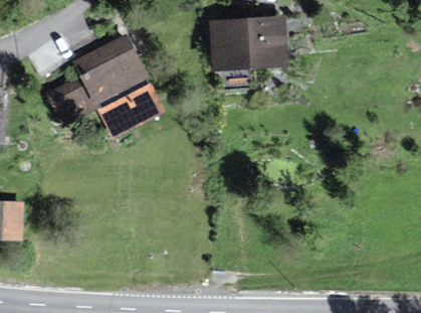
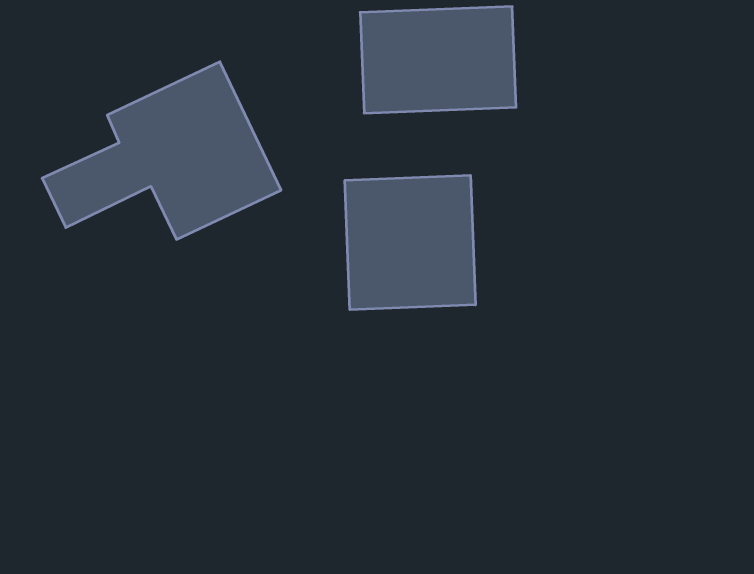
building: none -> [345,175,475,310]

